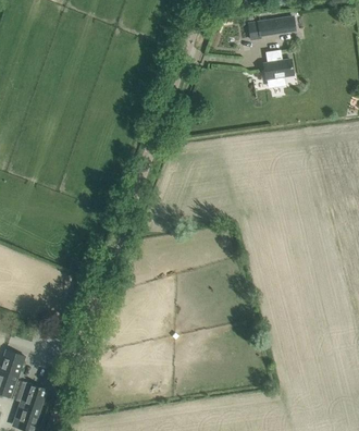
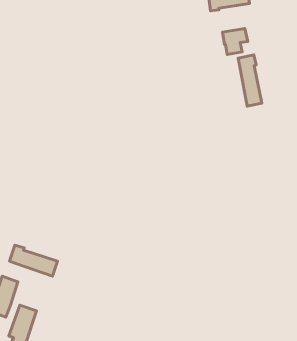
building: none -> [238,55,262,106]
building: none -> [10,245,57,276]

